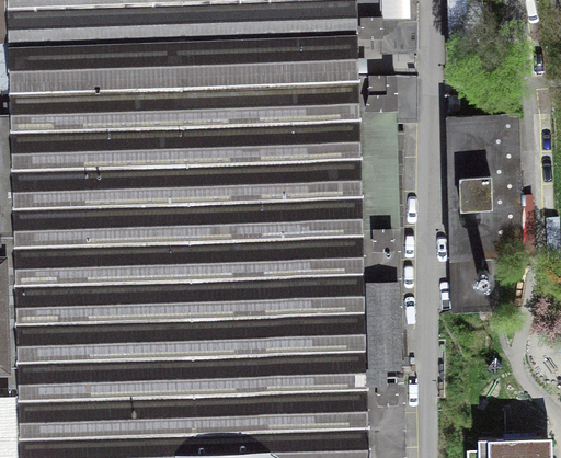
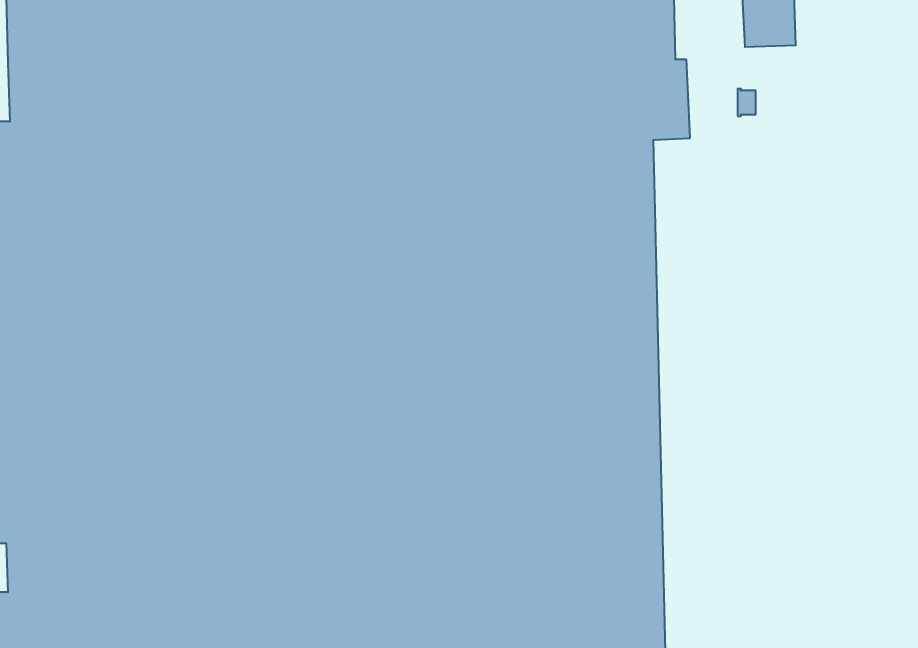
building: [445,96,519,294] -> none

